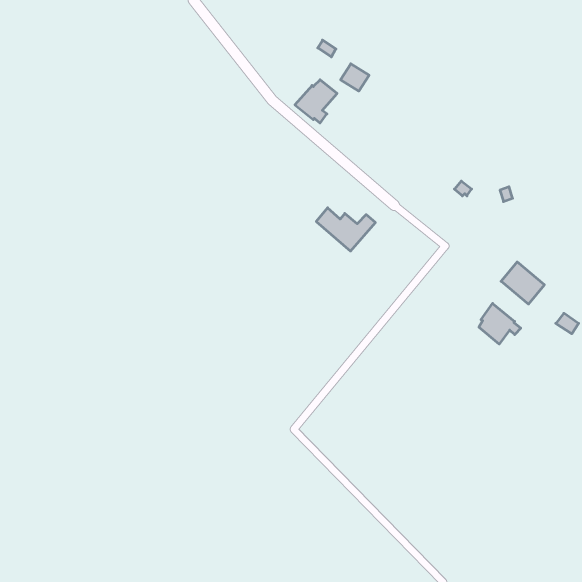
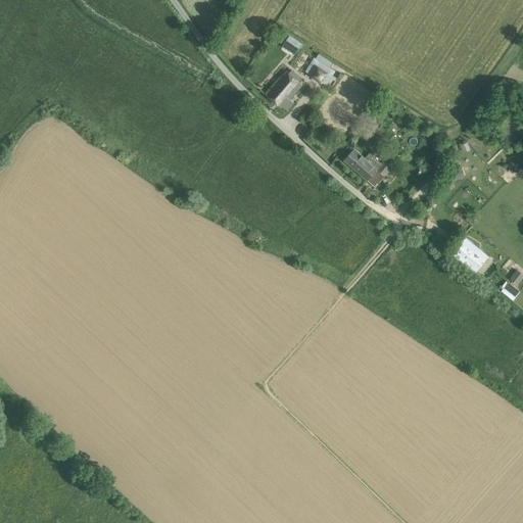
building: [316,208,375,251] -> [344,148,397,187]
building: [479,303,521,344] -> none

